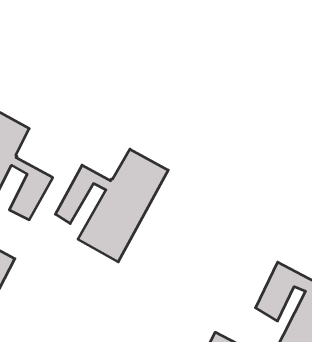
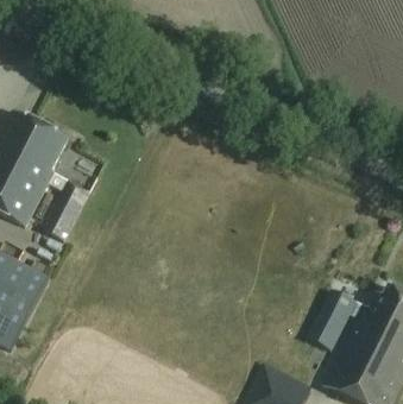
building: [55,149,168,262] -> none

